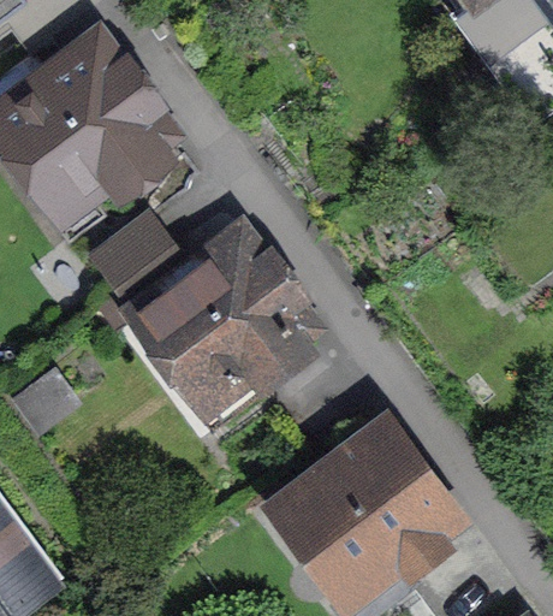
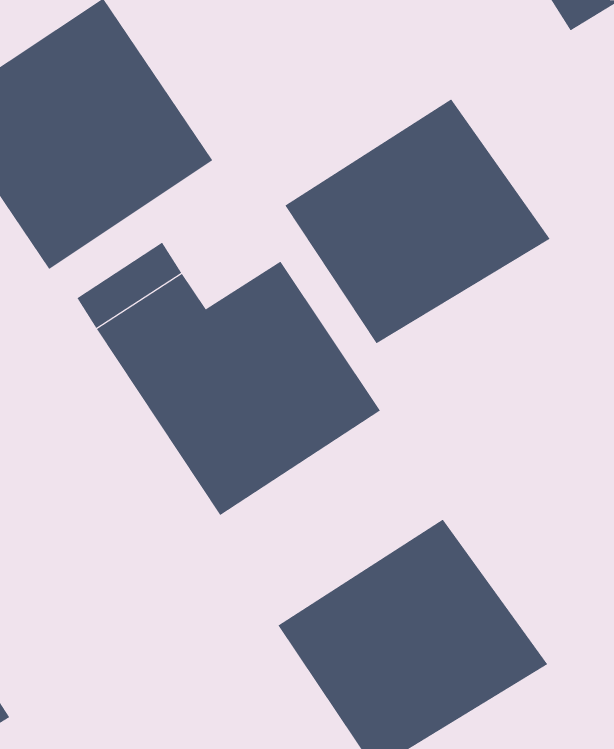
building: none -> [285,99,550,344]

